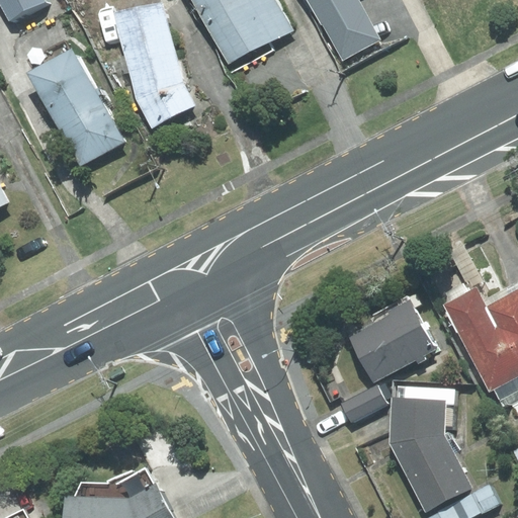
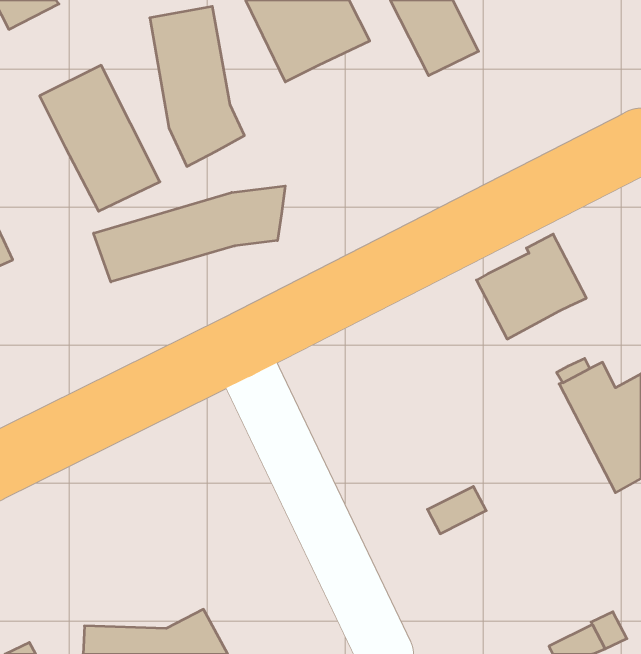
building: none -> [94,186,285,282]
building: [348,299,435,382] -> [476,234,586,339]
building: [390,397,472,512] -> none

